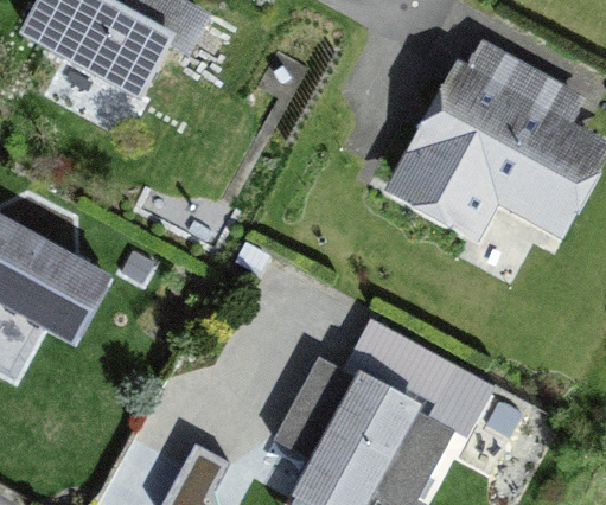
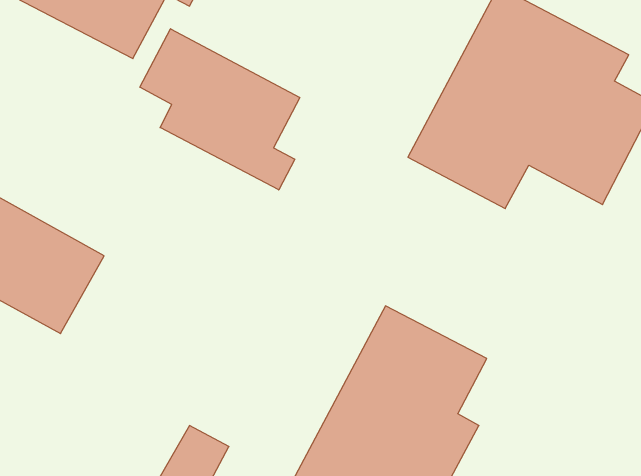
building: none -> [140,29,300,190]

